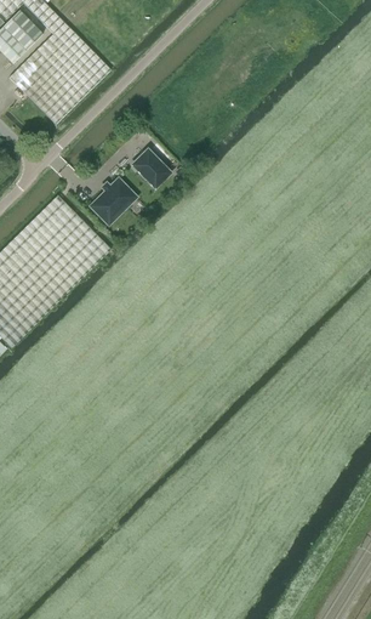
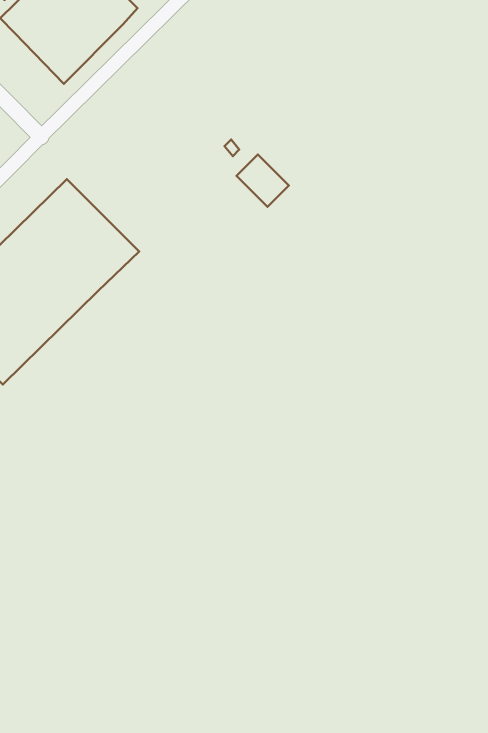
building: [132,149,171,188] -> [236,154,289,207]
building: [91,178,137,225] -> none

